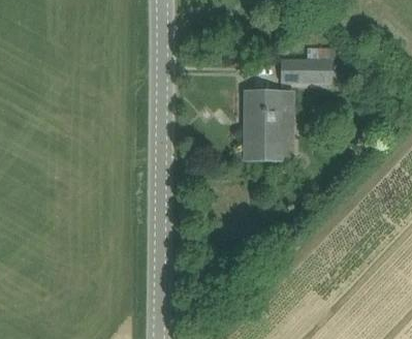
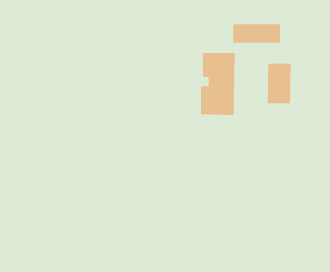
building: none -> [267,63,292,104]

